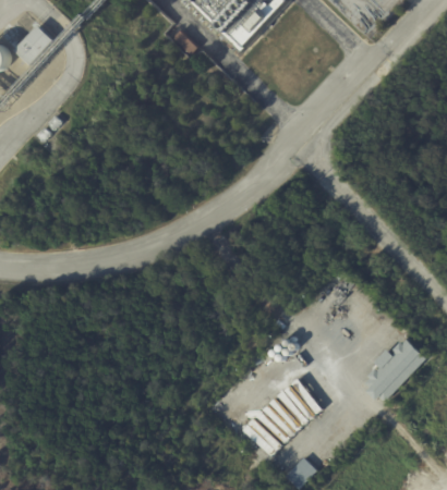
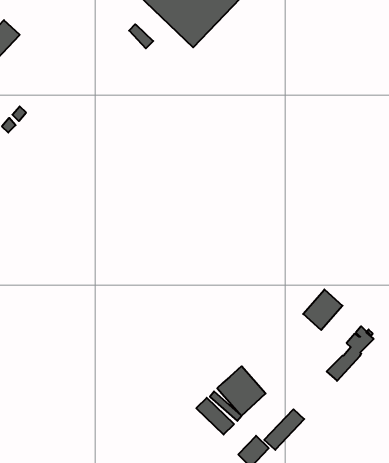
building: none -> [303,289,343,330]
building: none -> [264,409,304,450]

